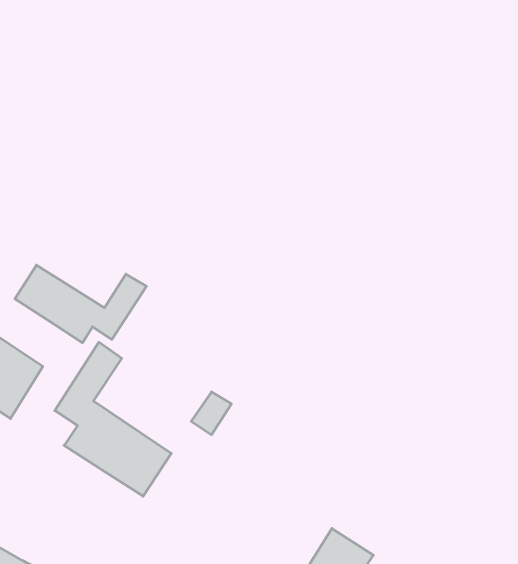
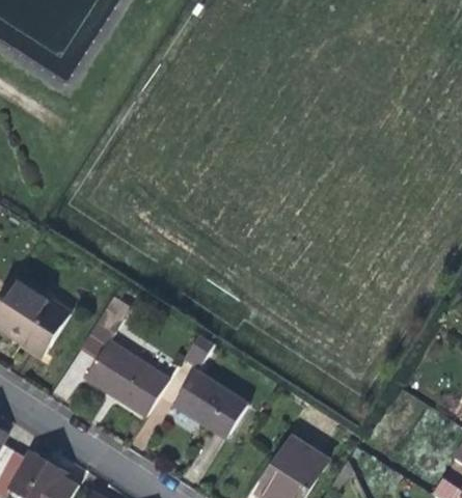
building: [15,265,146,343] -> none
building: none -> [174,371,246,437]

